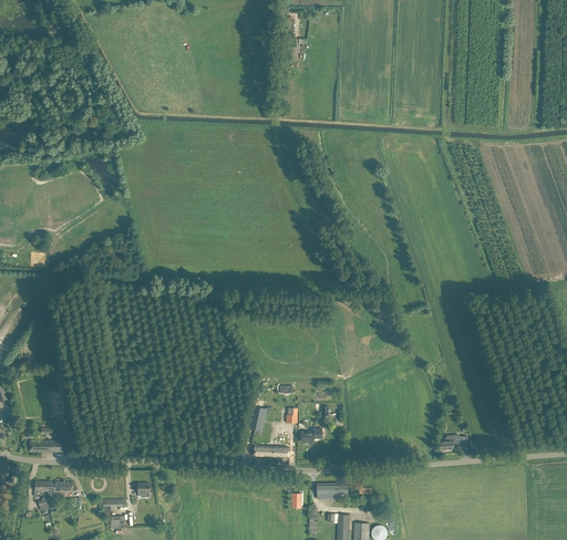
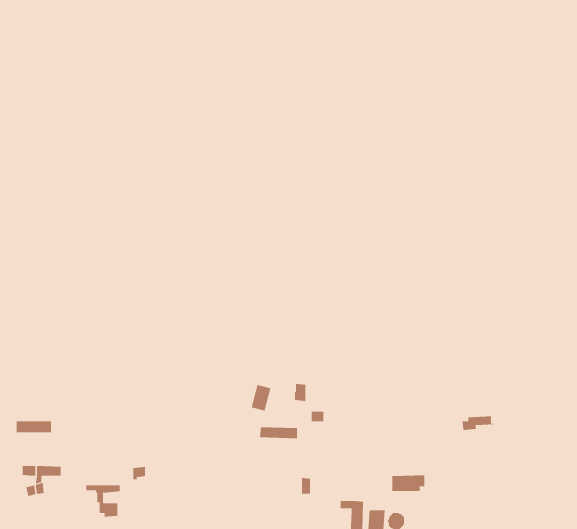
building: [317,482,348,498] -> [391,475,425,492]

